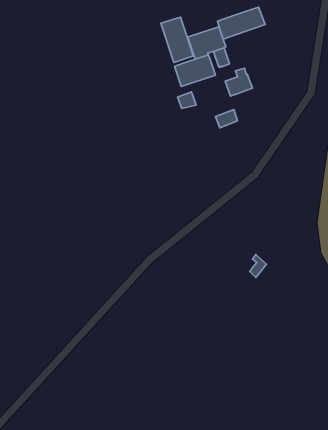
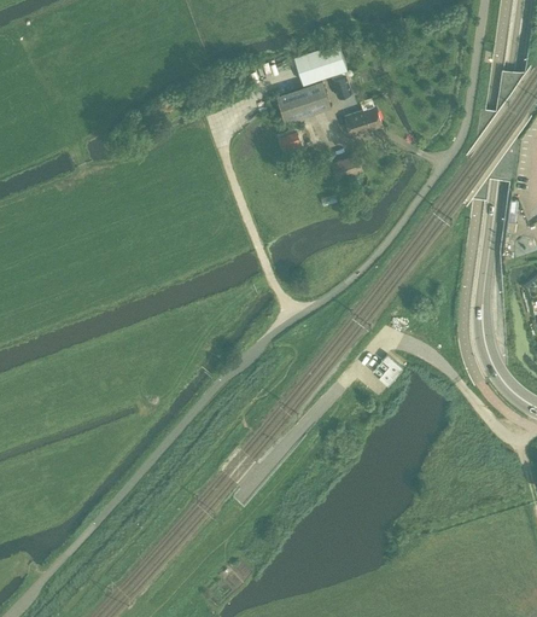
building: [217,7,265,39] -> none
building: [161,17,193,63] -> none

